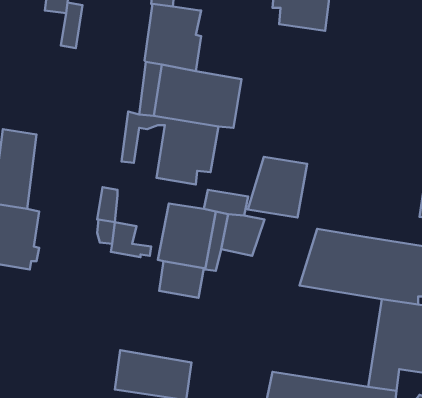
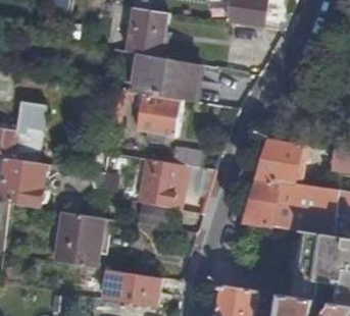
building: [248,157,307,218] -> [256,138,301,183]
building: none -> [54,212,102,267]

